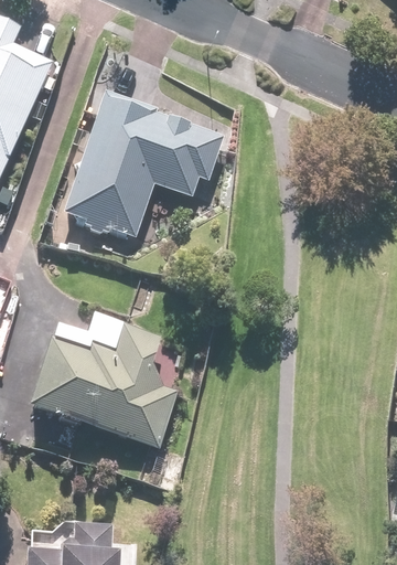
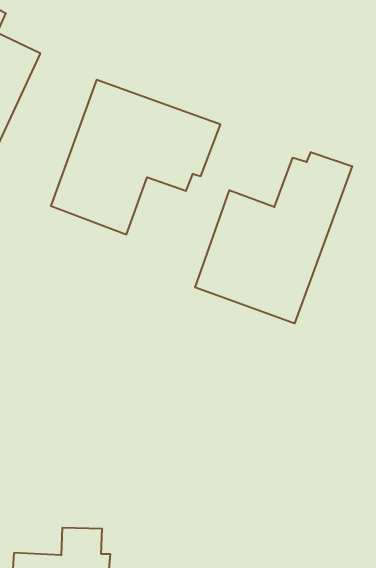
building: none -> [195,152,352,323]
building: [29,324,181,447] -> none

